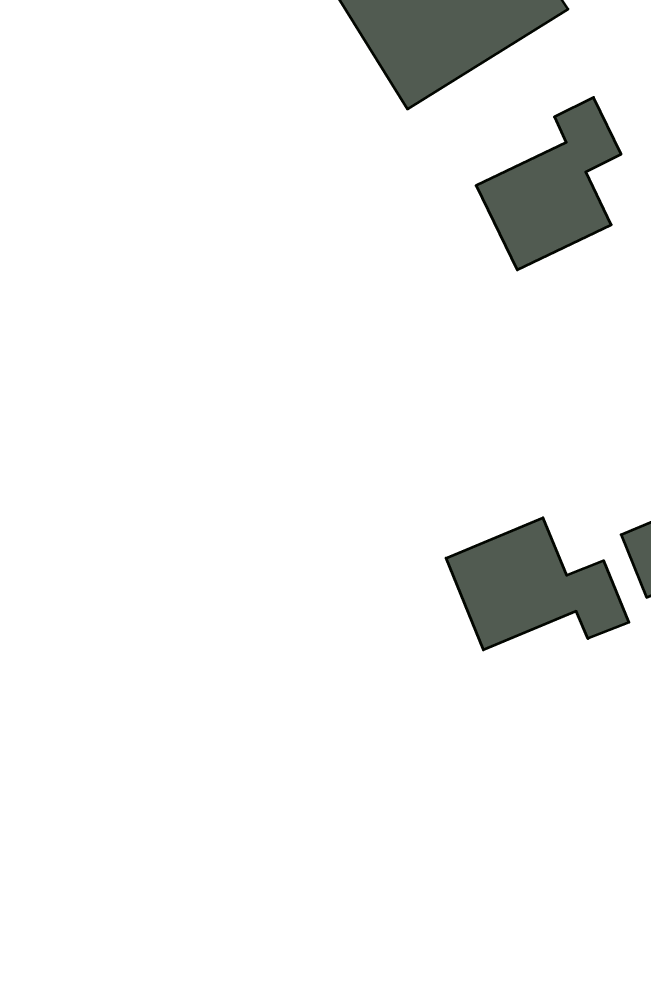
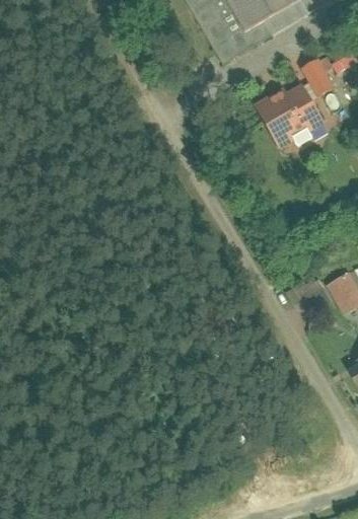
building: [446,518,629,650] -> none

